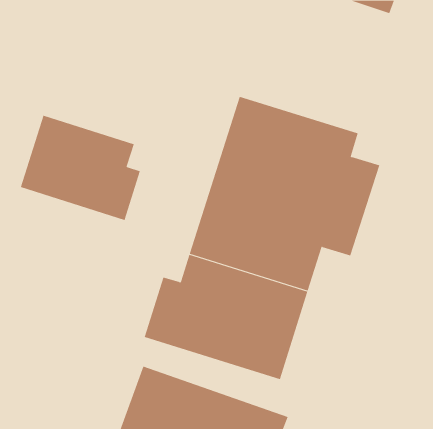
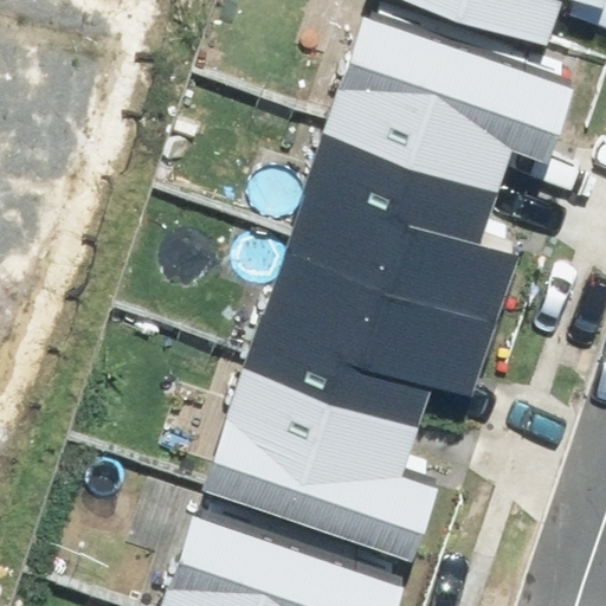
building: none -> [327,22,568,200]
building: [20,115,140,221] -> none

